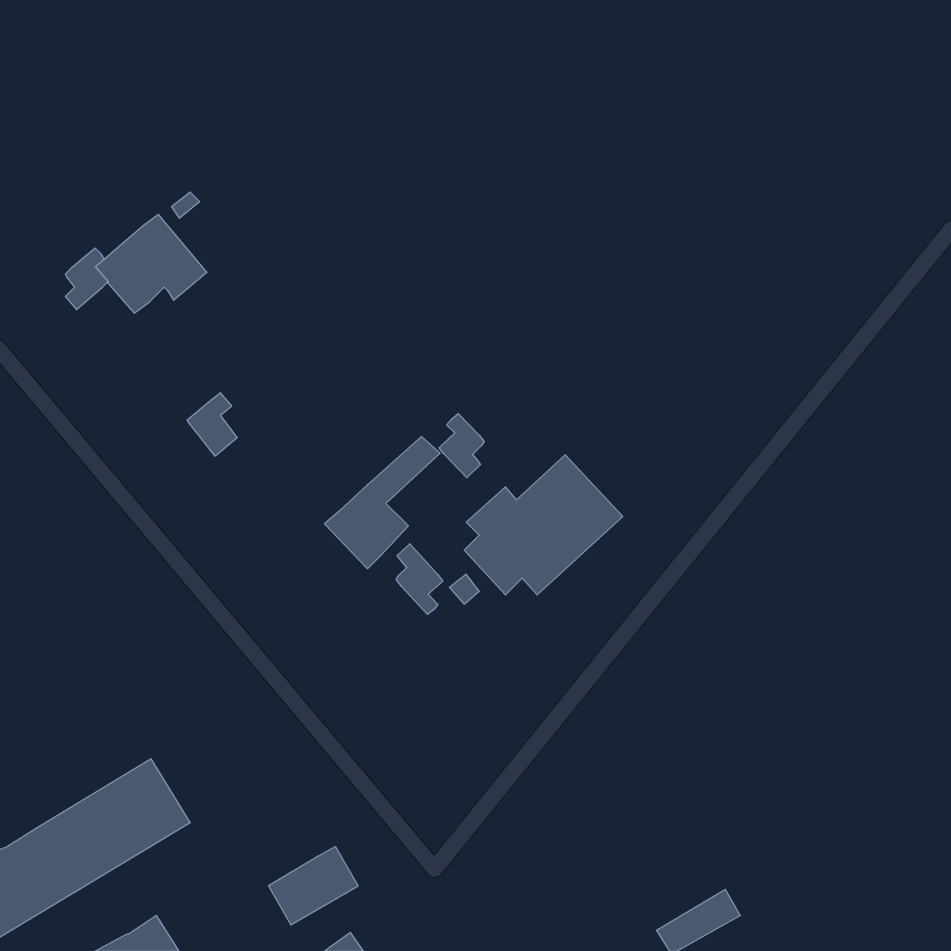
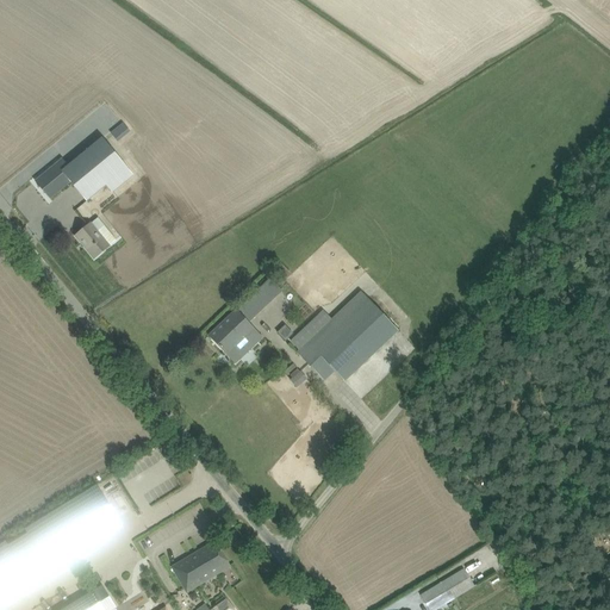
building: [187,393,237,456] -> [75,217,107,257]
building: [439,413,484,478] -> none
building: [396,544,443,614] -> none

